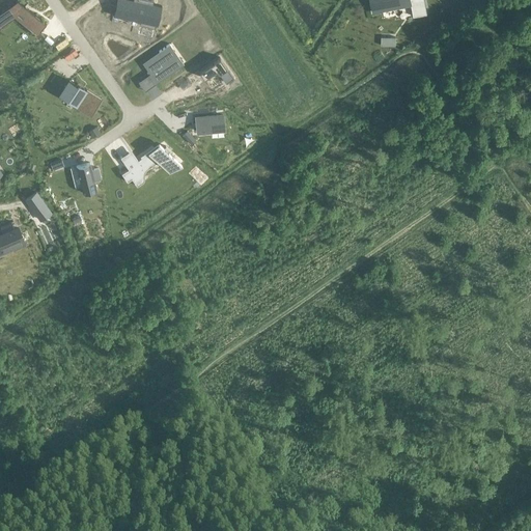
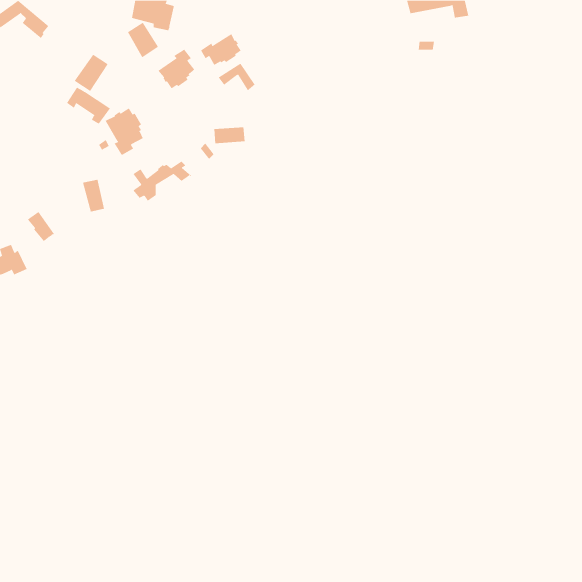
building: none -> [127,22,159,58]
building: none -> [199,33,241,66]
building: none -> [74,54,109,92]
building: none -> [105,108,144,157]

